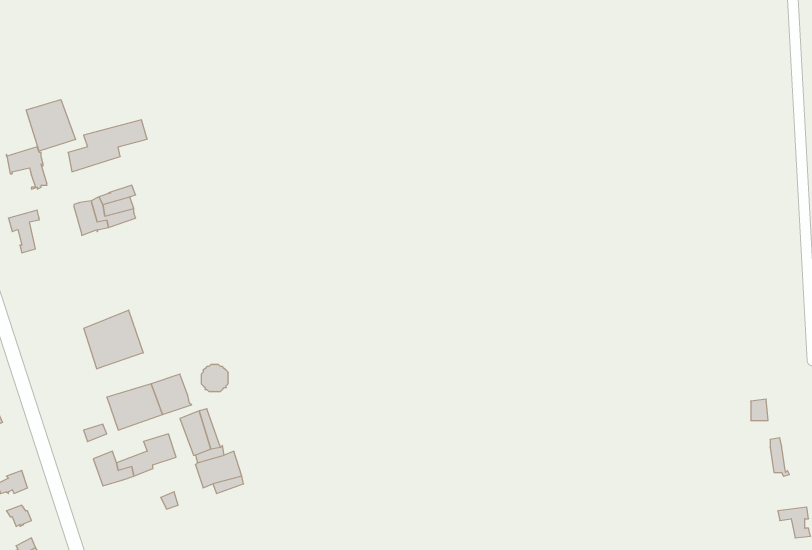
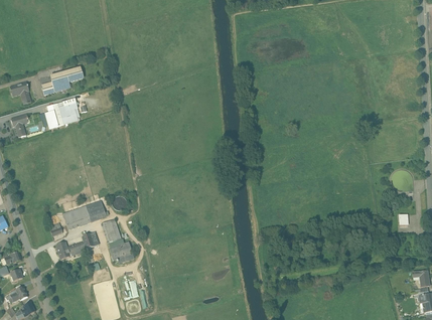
building: [26,100,76,151] -> none
building: [84,310,143,369] -> none

